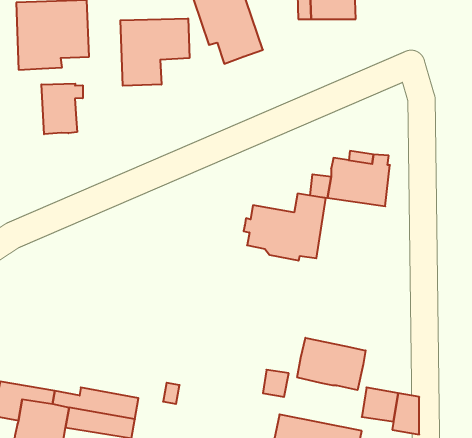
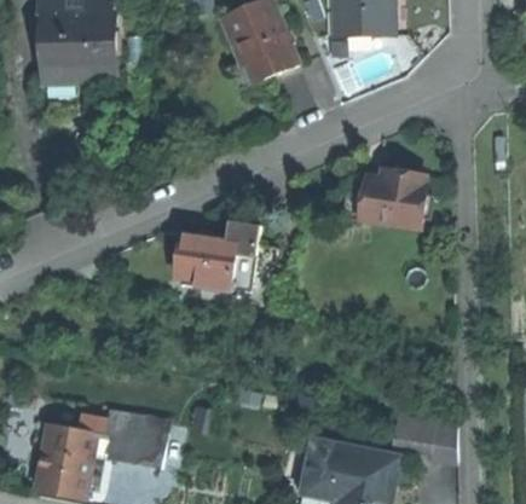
building: [120,18,189,86] -> none
building: [41,84,83,134] -> none
building: [244,194,326,261] -> [173,219,258,288]
building: [297,338,366,390] -> none

